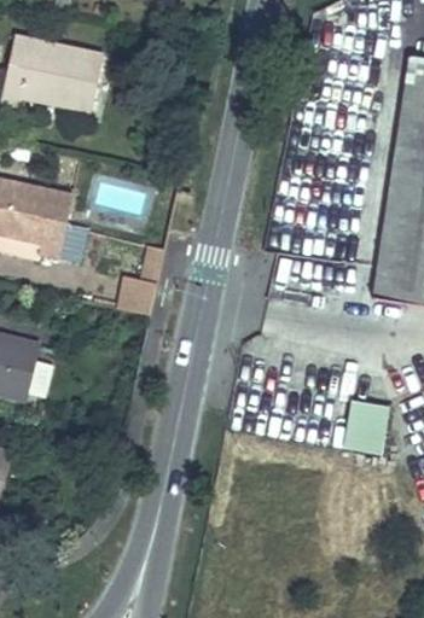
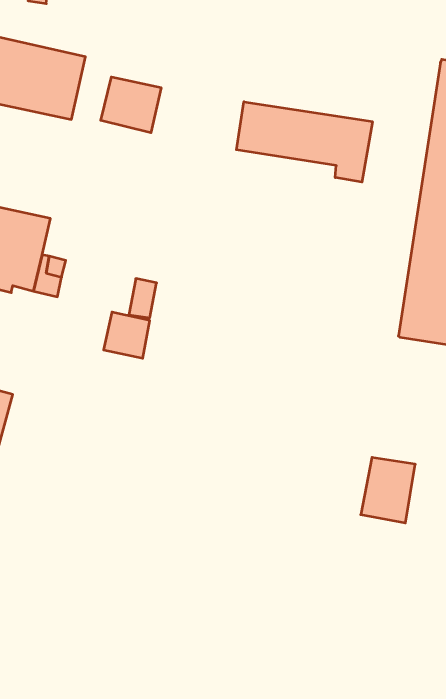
building: none -> [101,77,161,133]
building: none -> [236,102,372,182]

